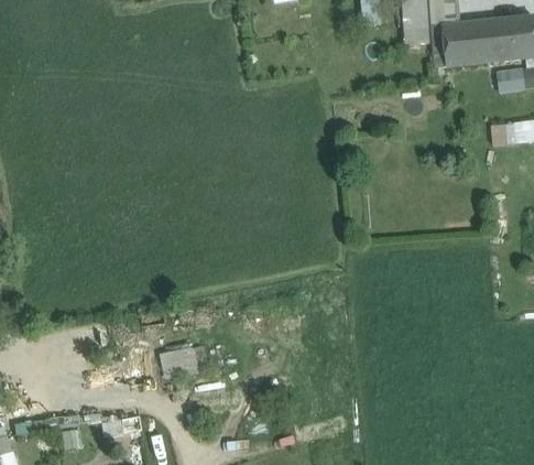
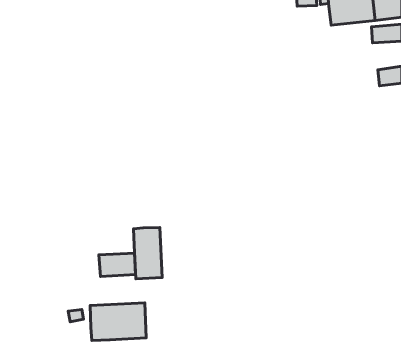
building: none -> [133,228,162,279]
building: none -> [90,303,146,341]

